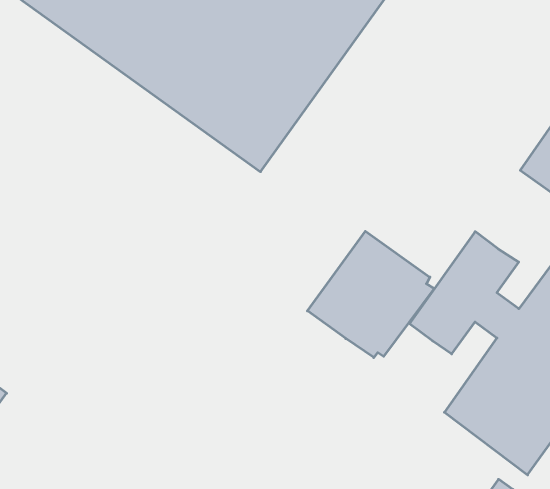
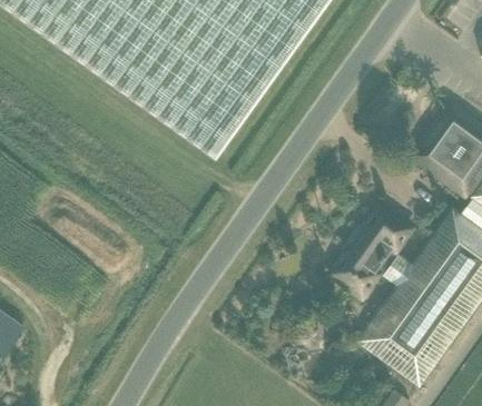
building: [307,231,434,358] -> none

